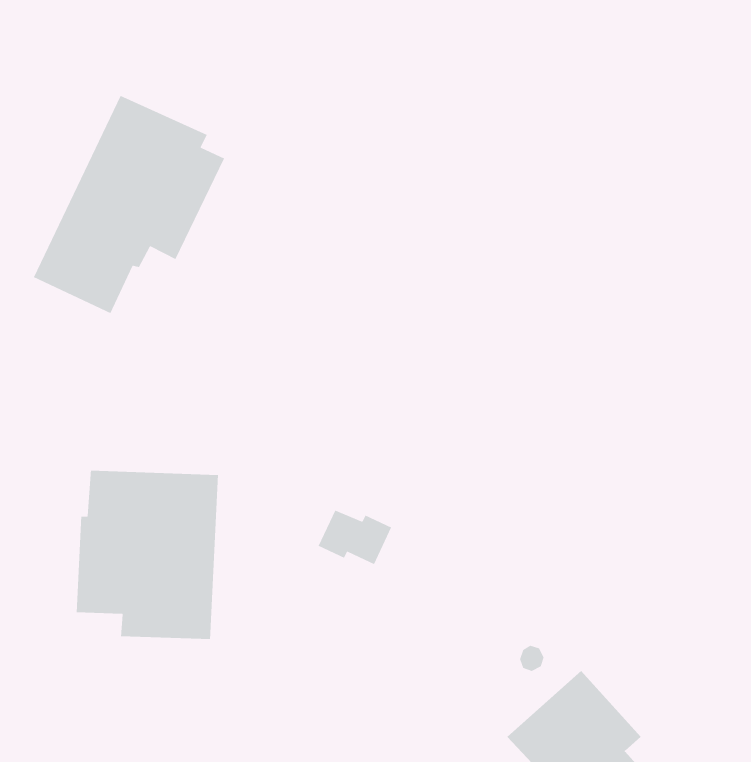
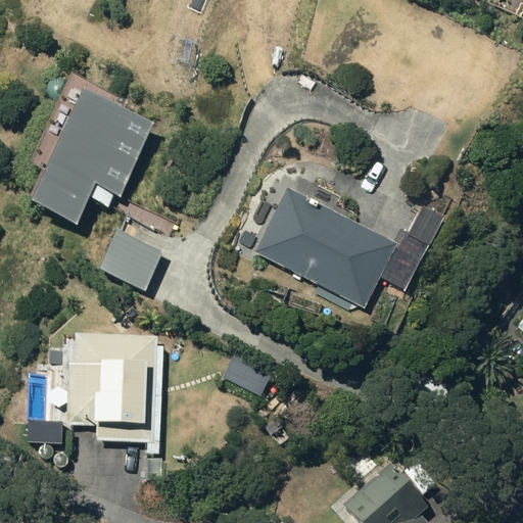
building: none -> [251,186,440,307]
building: none -> [102,231,168,294]

